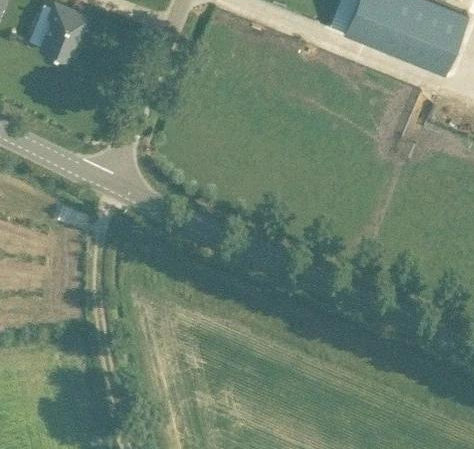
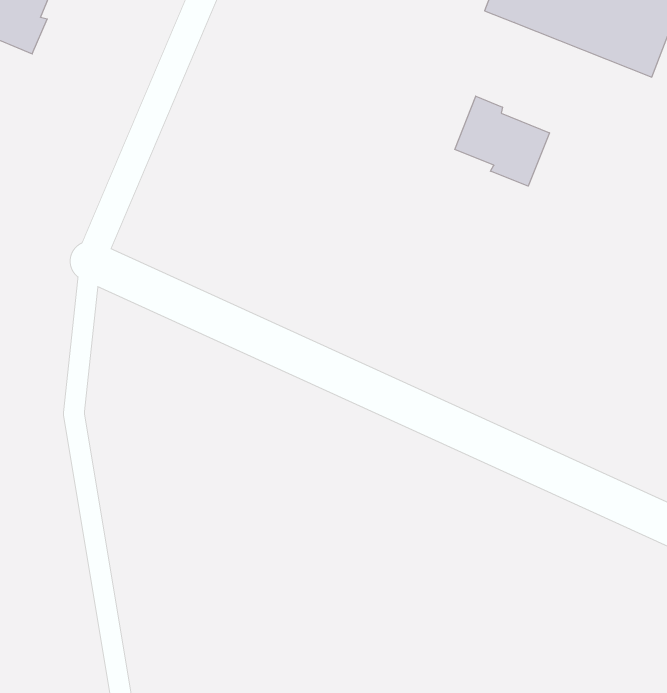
building: none -> [455,96,549,186]

